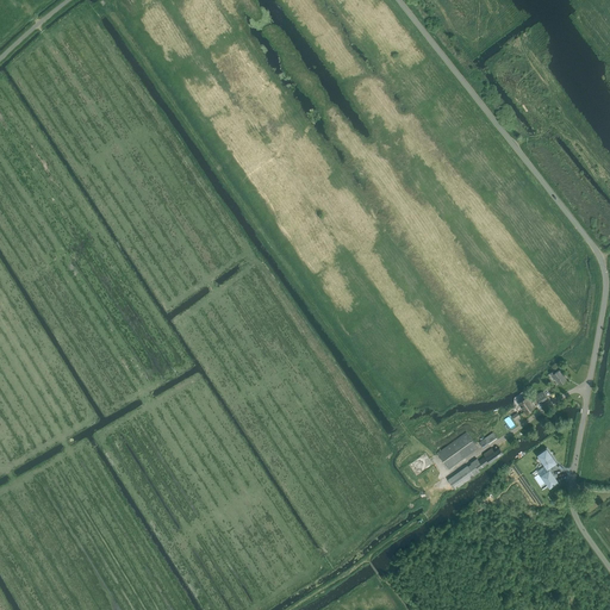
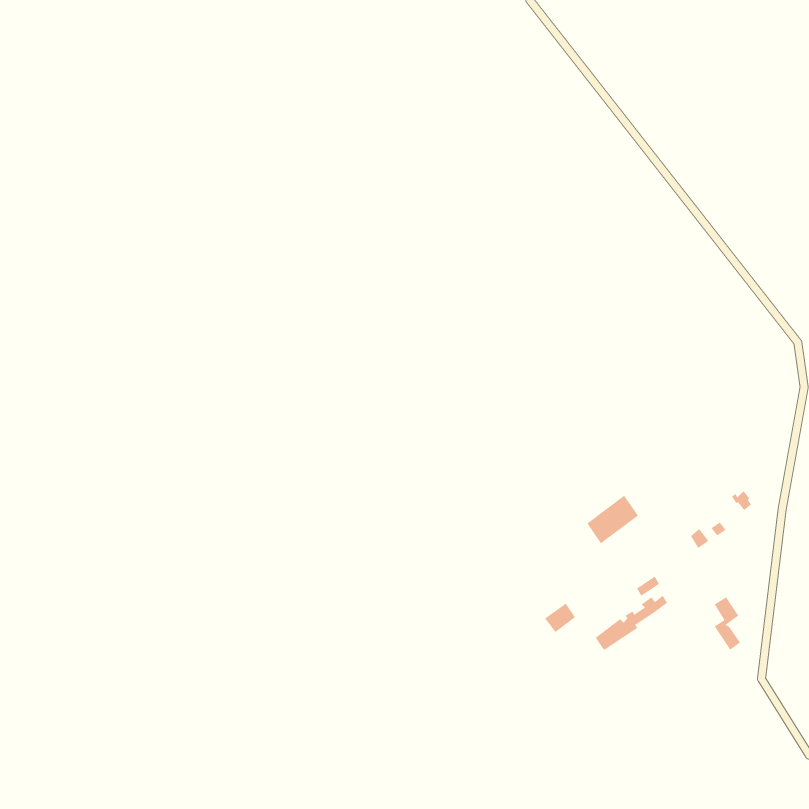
building: [436,432,475,469] -> [586,495,639,544]

